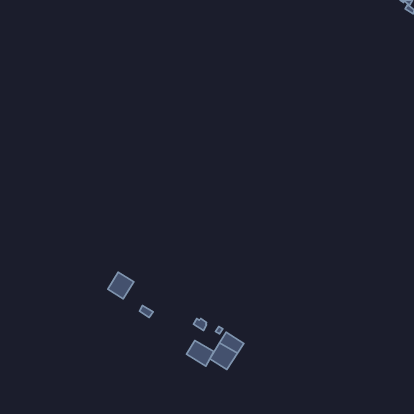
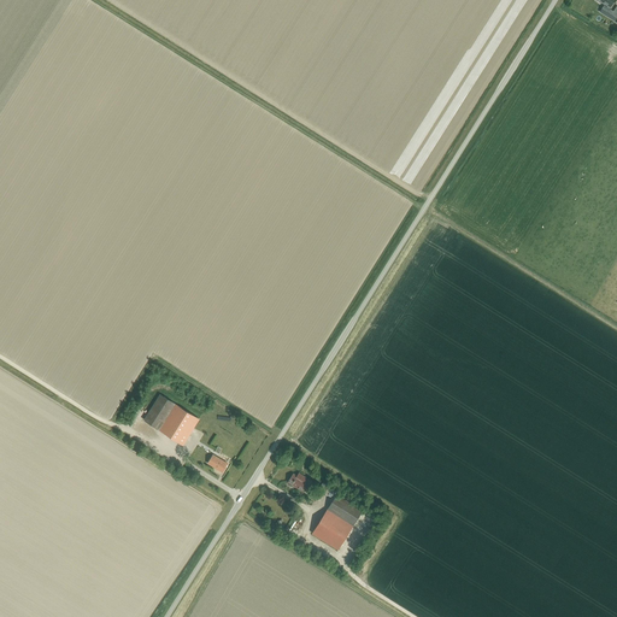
building: none -> [143,394,176,430]
building: [186,340,214,366] -> none

